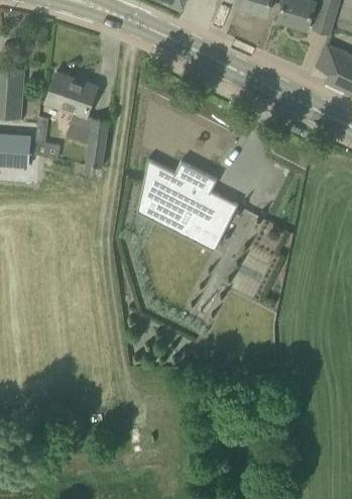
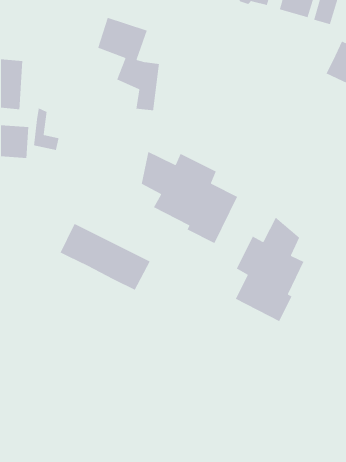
building: [45,73,108,167] -> [97,17,160,111]
building: none -> [235,217,305,322]
building: none -> [60,223,151,291]

